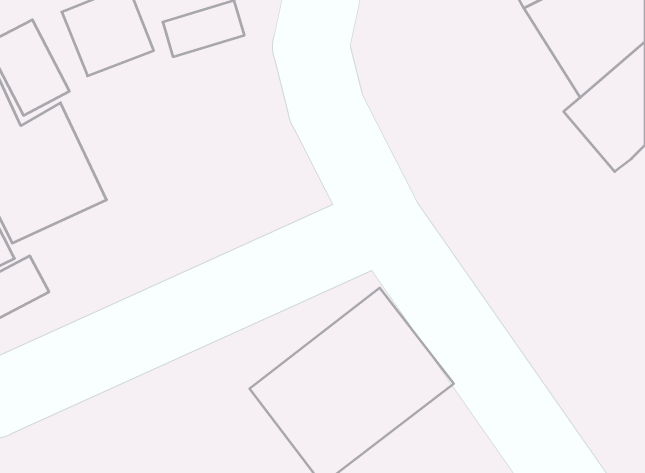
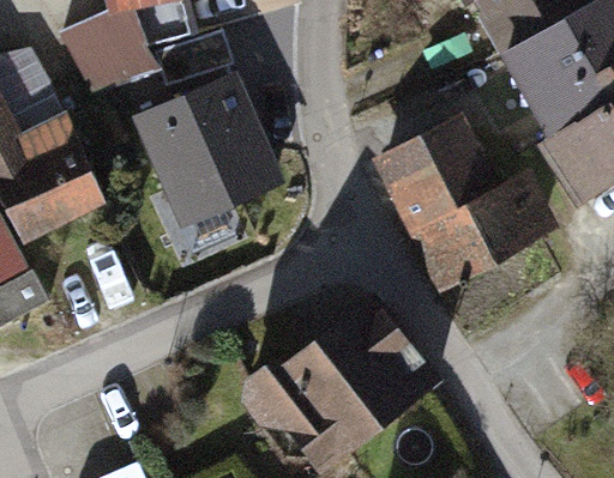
building: none -> [133,67,287,225]
building: none -> [379,113,536,276]

